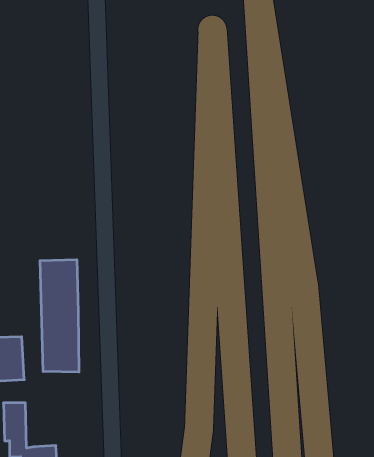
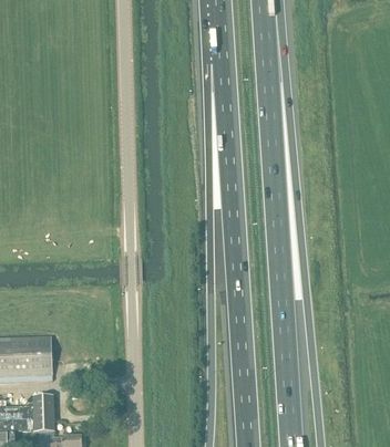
building: [40,260,79,372] -> none

